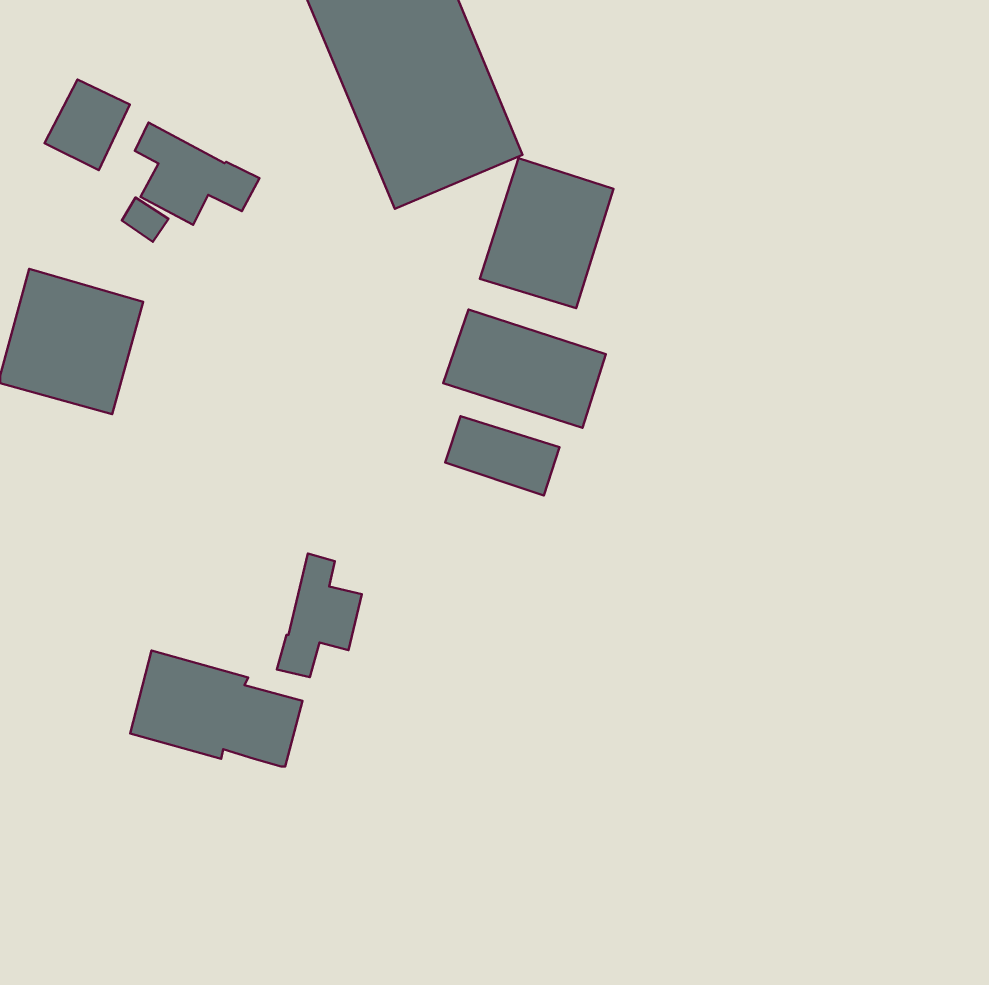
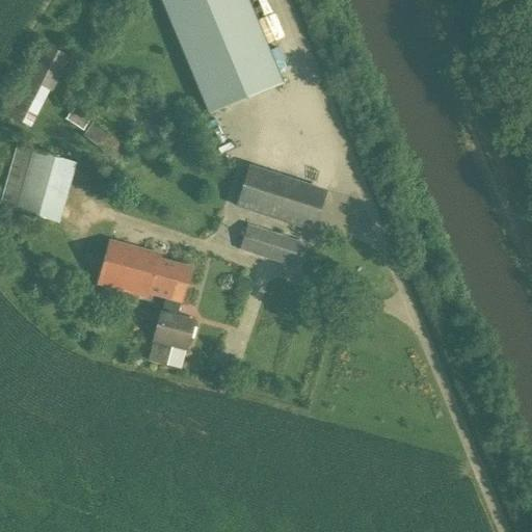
building: [135,122,260,225] -> none
building: [480,158,614,308] -> none
building: [130,650,302,767] -> [99,239,191,301]

